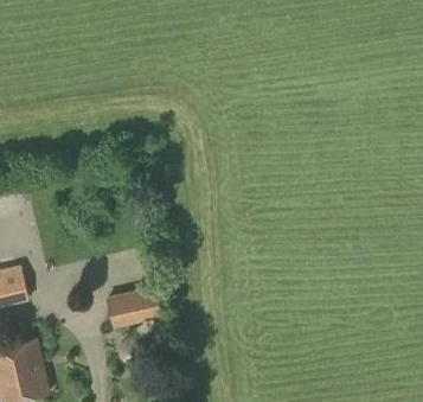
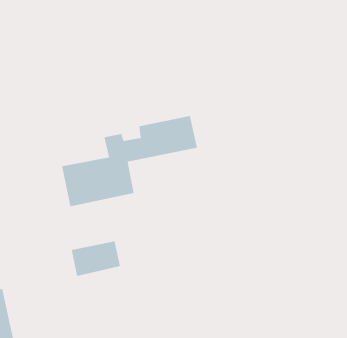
building: none -> [61,115,198,207]

